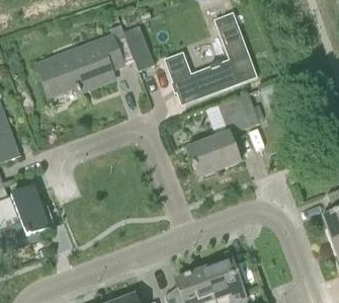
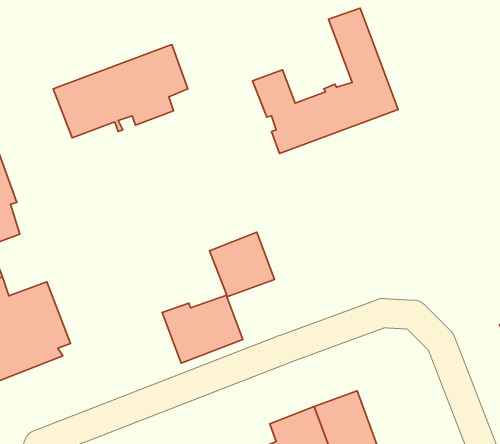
building: [123,25,155,70] -> none
building: [187,92,259,176] -> [162,232,274,363]

